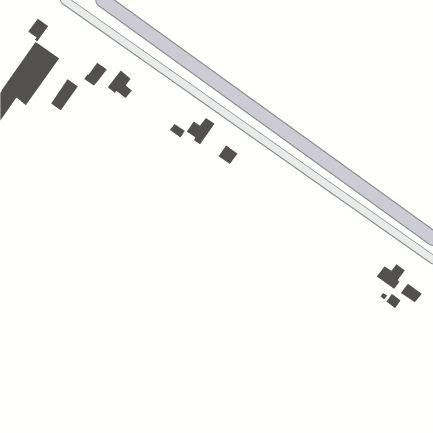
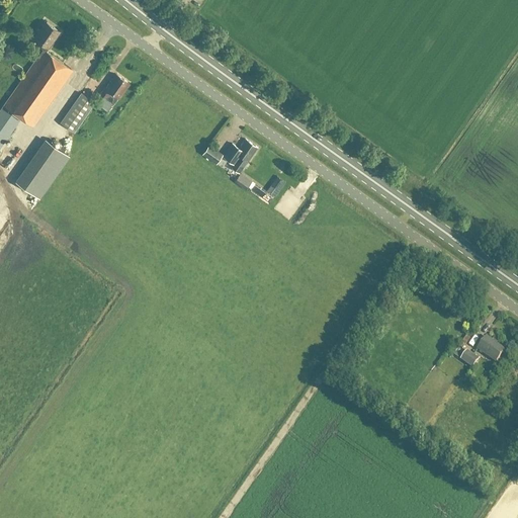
building: [107,70,133,99] -> none
building: none -> [19,139,69,196]
building: [376,263,406,290] -> none

